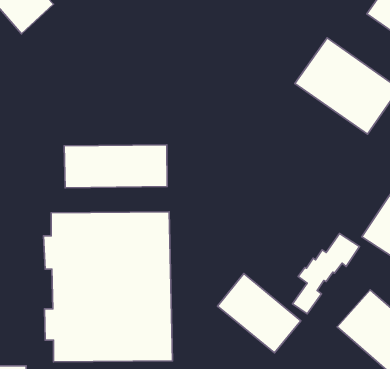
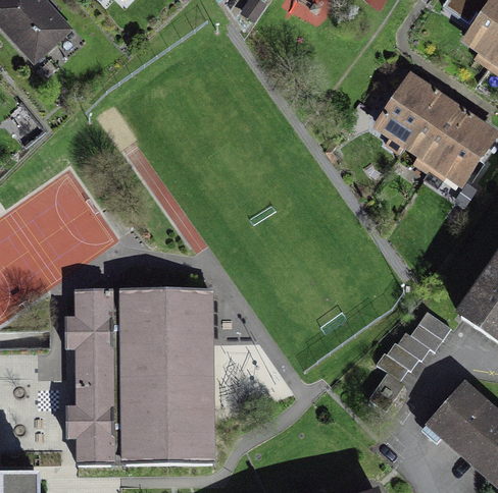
building: [64,145,167,188] -> none
building: [217,274,301,353] -> none

